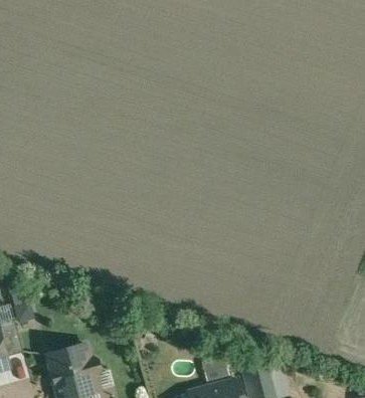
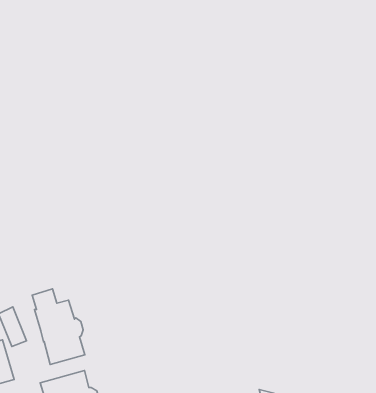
building: none -> [32,289,85,365]

